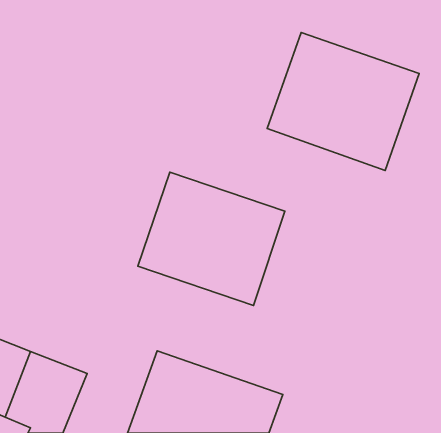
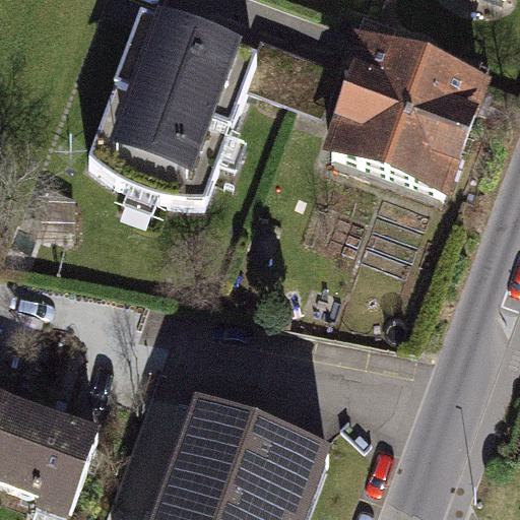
building: none -> [99,23,247,187]
building: [138,172,285,306] -> none

